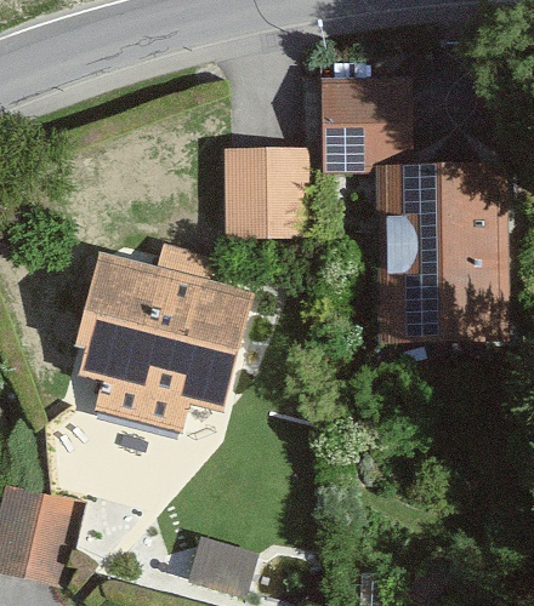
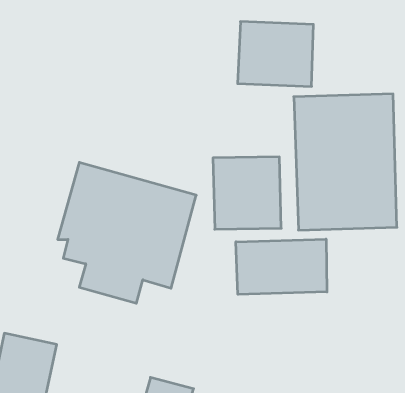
building: [217,143,306,236] -> [213,157,281,229]
building: none -> [236,239,327,294]

